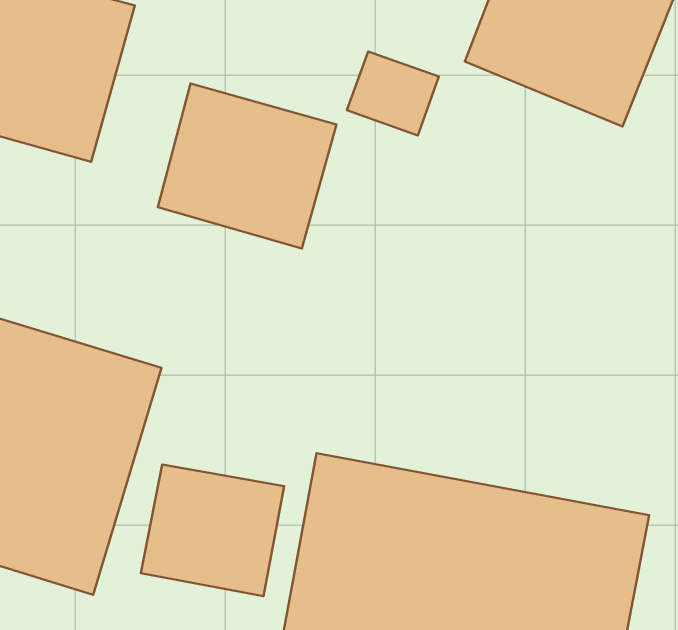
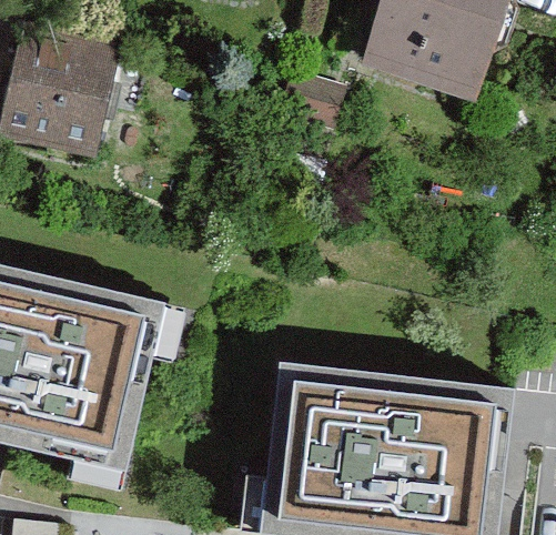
building: [158,83,336,249] -> none
building: [141,465,284,596] -> none

